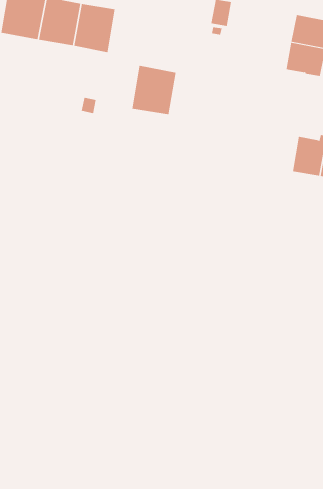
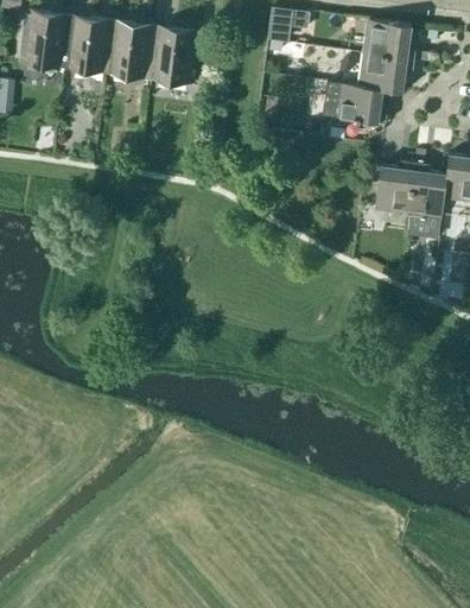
building: none -> [322,83,386,125]
building: [131,65,176,115] -> [147,27,198,84]

